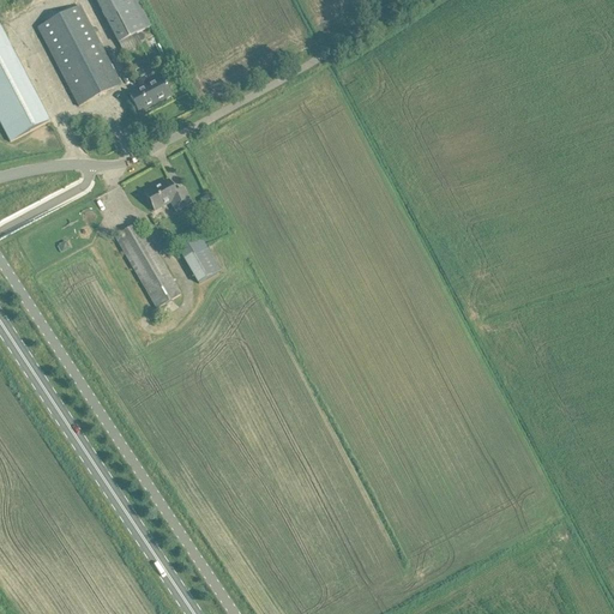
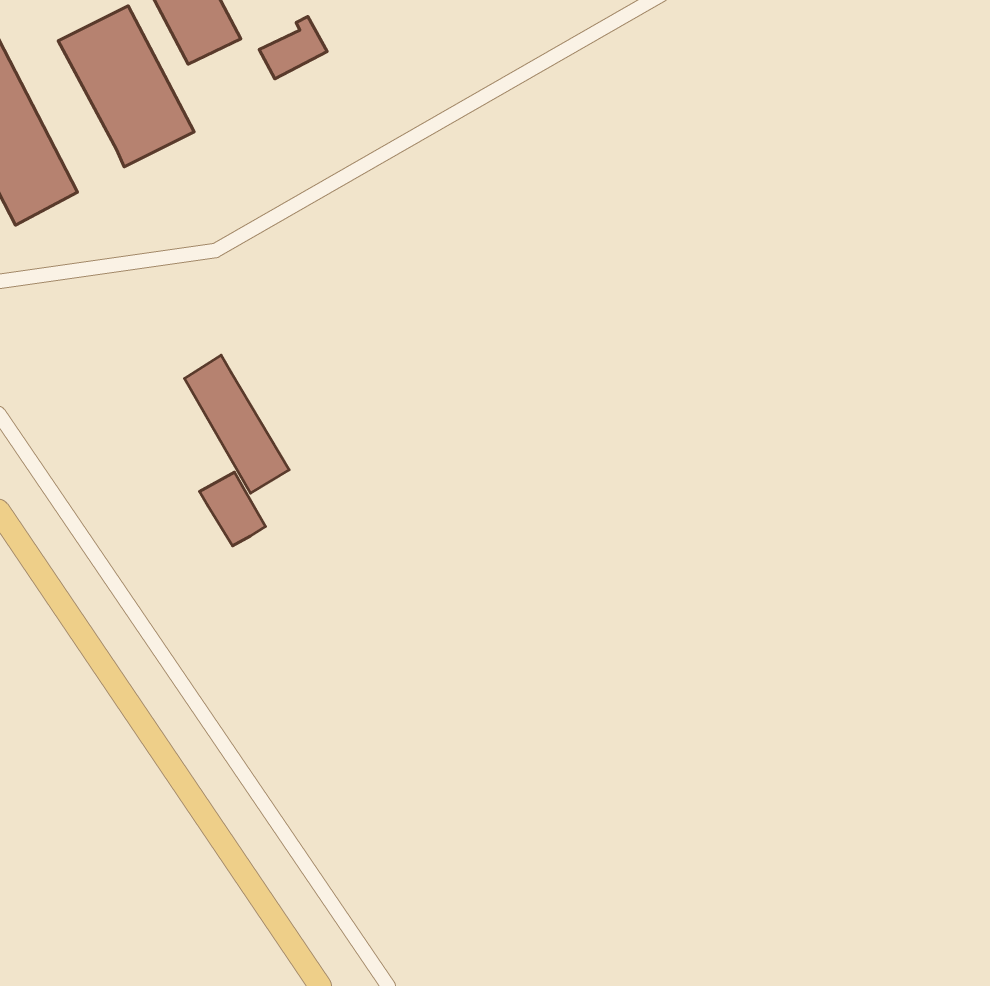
building: [128,72,170,110] -> [259,17,327,79]
building: [144,179,189,209] -> none
building: [177,235,218,281] -> [200,472,266,546]

